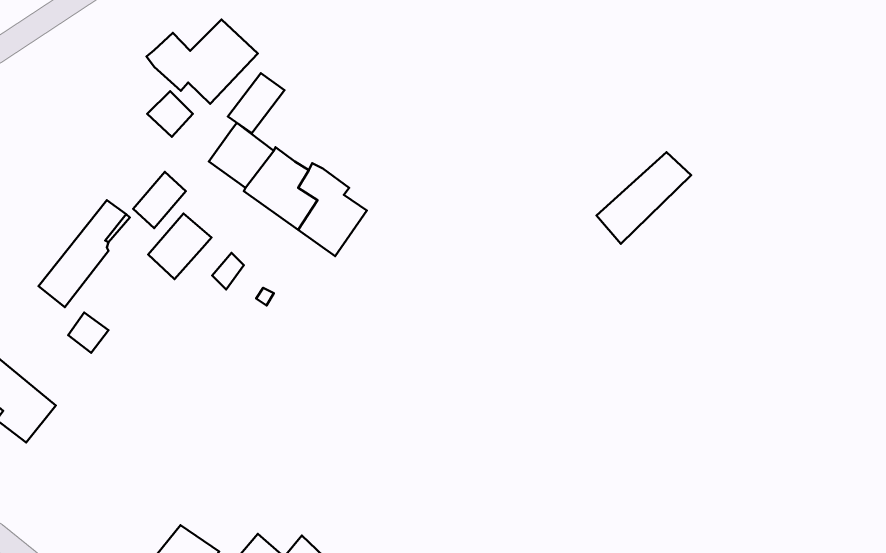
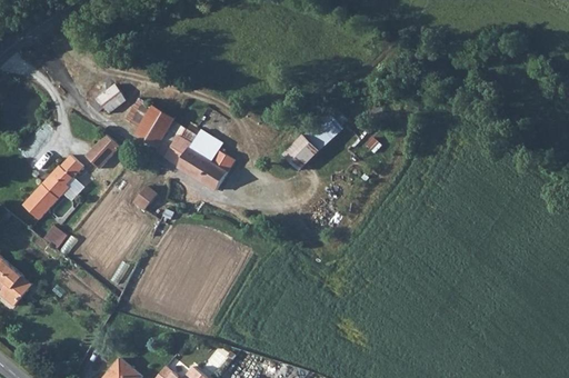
building: [147,20,258,104] -> none
building: [228,73,285,133] -> none
building: [596,152,691,244] -> [283,115,343,172]
building: [148,213,211,279] -> none

